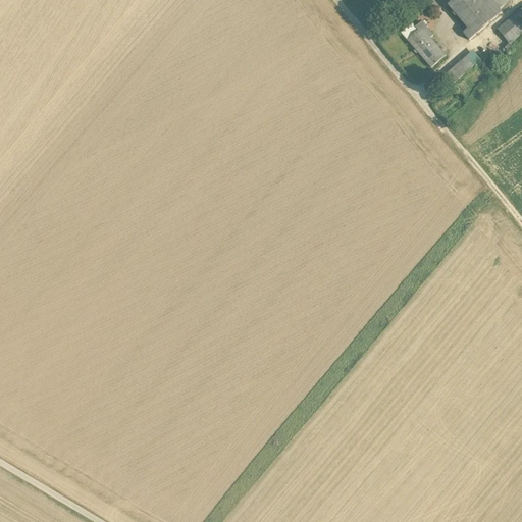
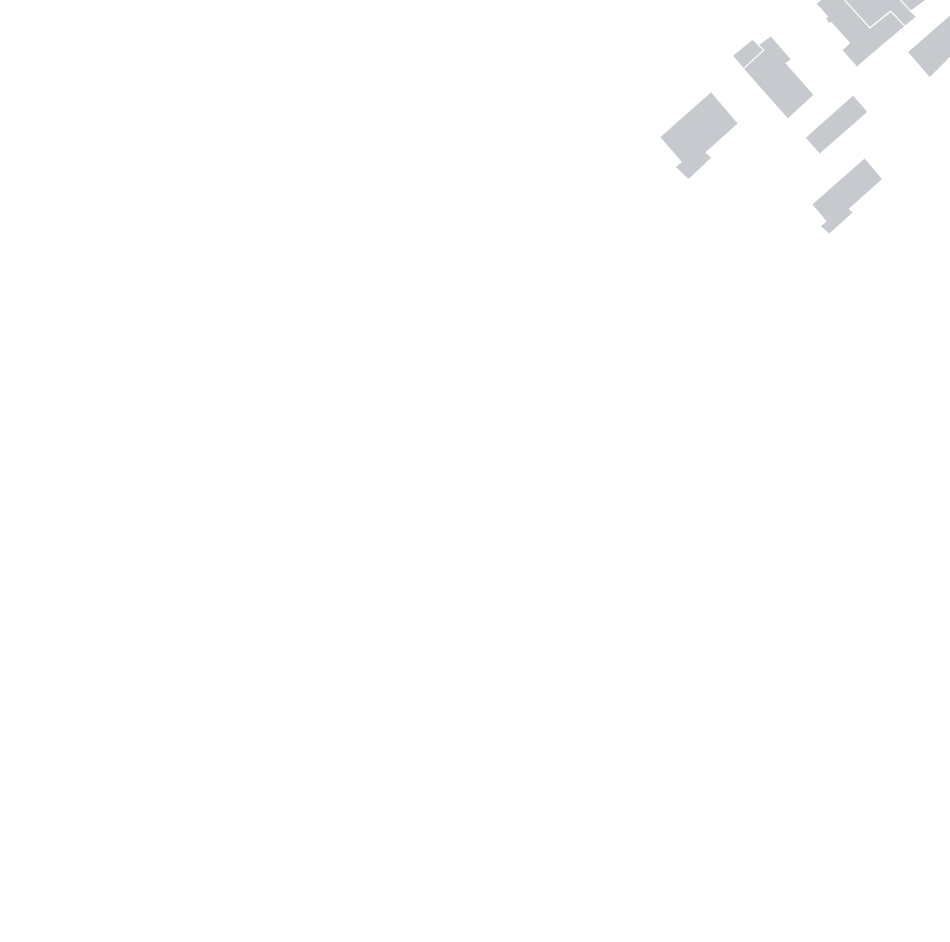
building: none -> [660,92,738,180]
building: none -> [811,157,883,235]

